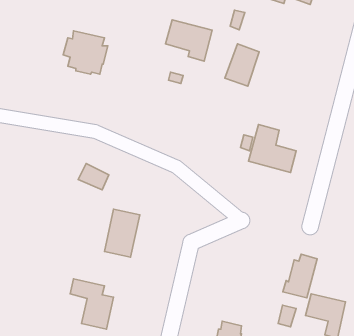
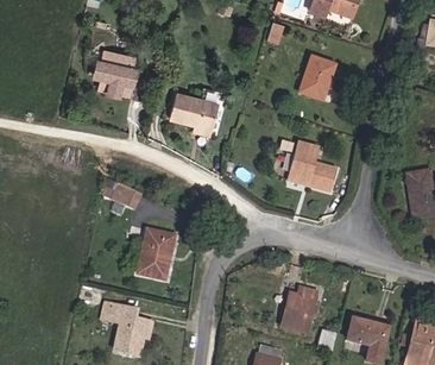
building: [165,20,212,61] -> [170,93,219,136]
building: [225,44,259,86] -> [300,56,335,100]
building: [283,254,317,298] -> [282,287,317,332]

